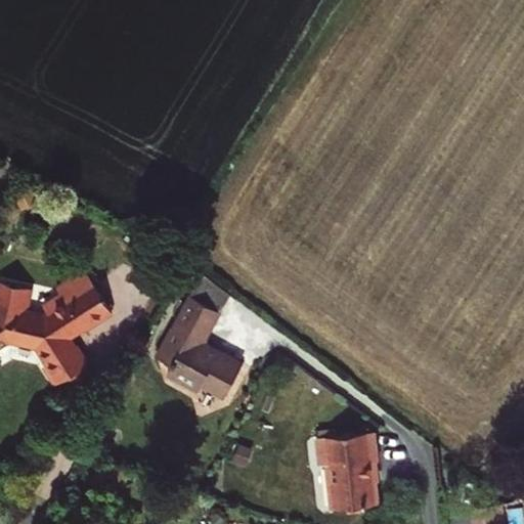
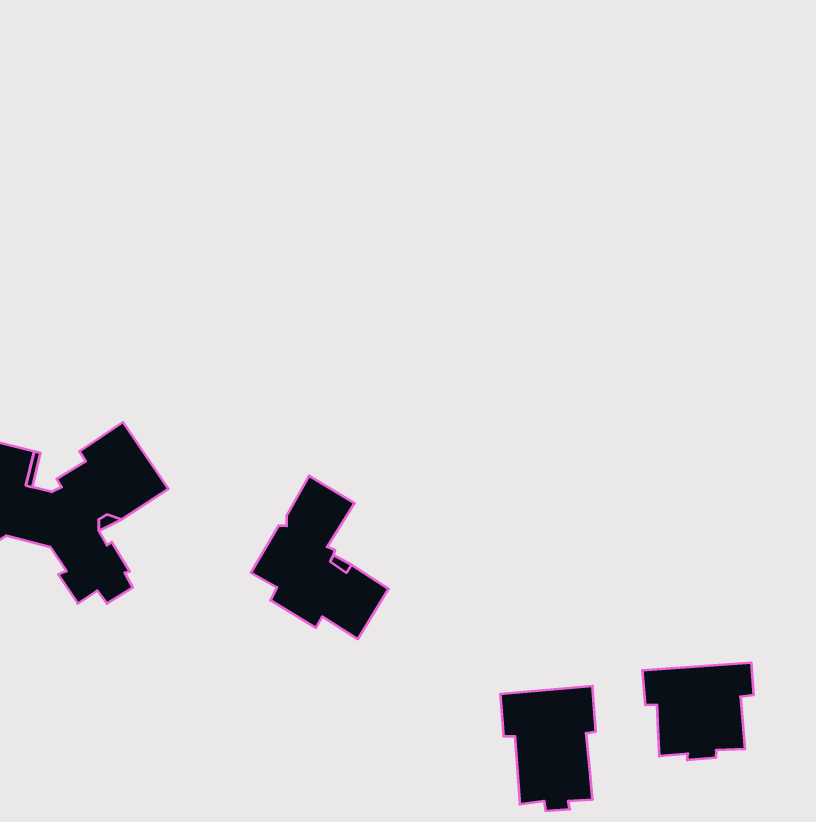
building: none -> [642,663,754,760]

